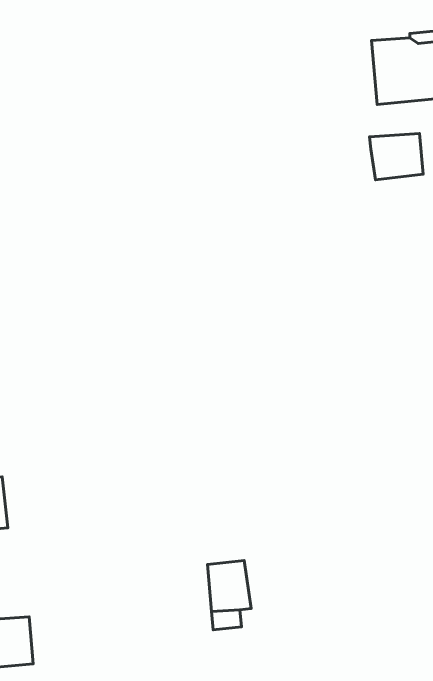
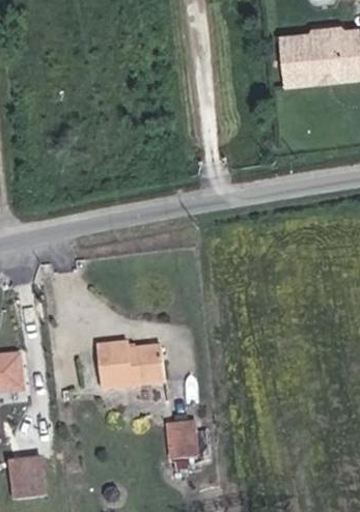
building: [370,134,423,180] -> none
building: none -> [94,345,162,386]

